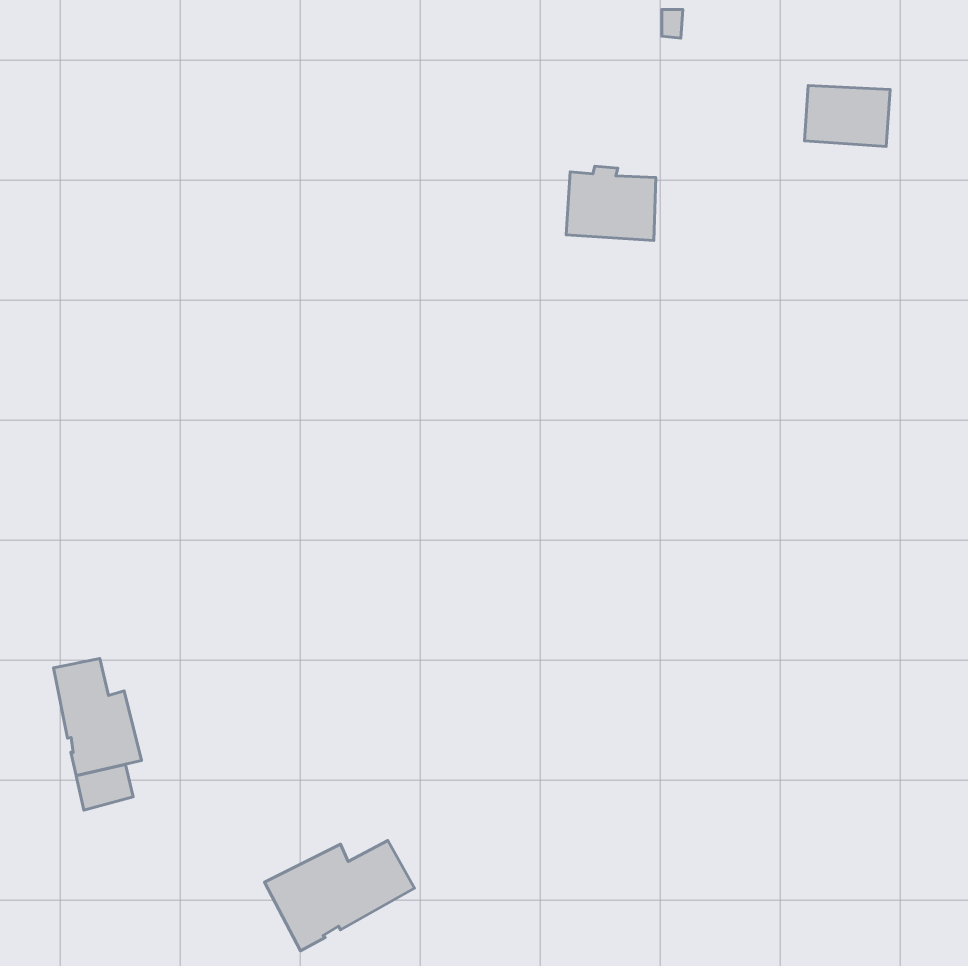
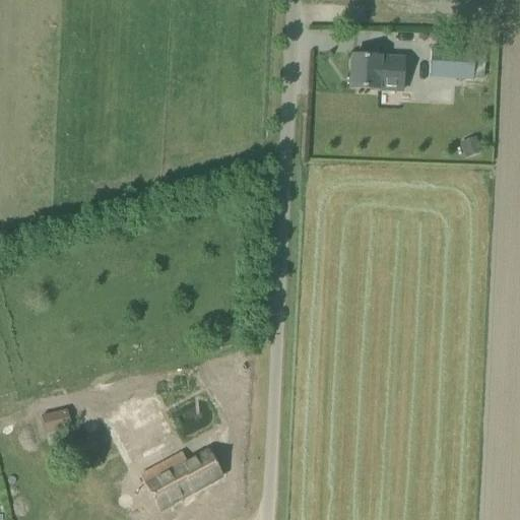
building: [566,166,656,240] -> [351,51,399,90]
building: [54,658,142,775] -> none

